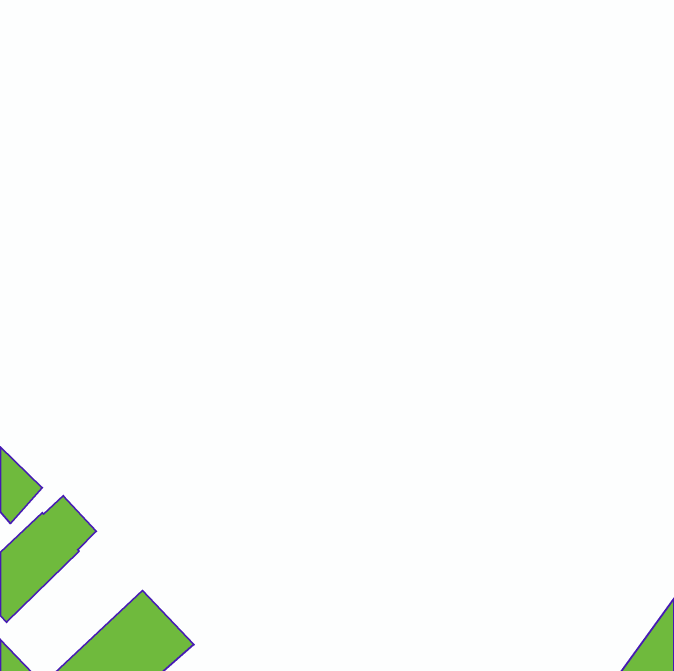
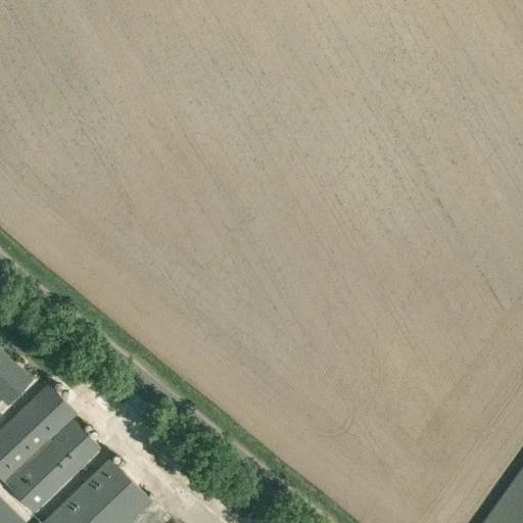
building: none -> [6,421,100,515]

